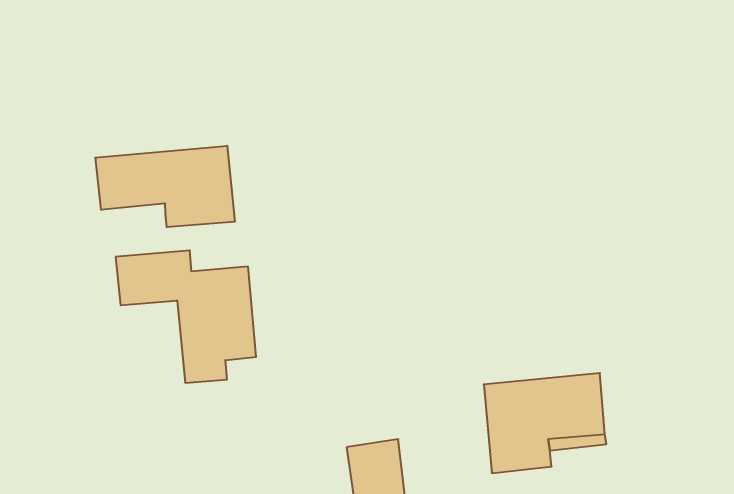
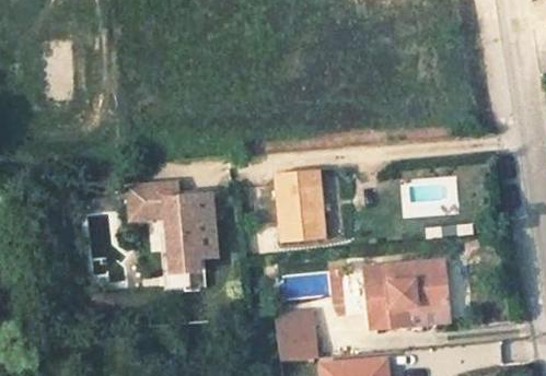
building: [95,146,235,227] -> none
building: none -> [279,166,329,239]

